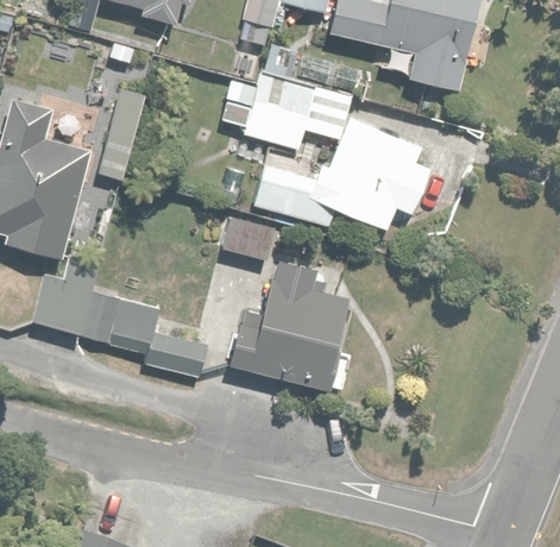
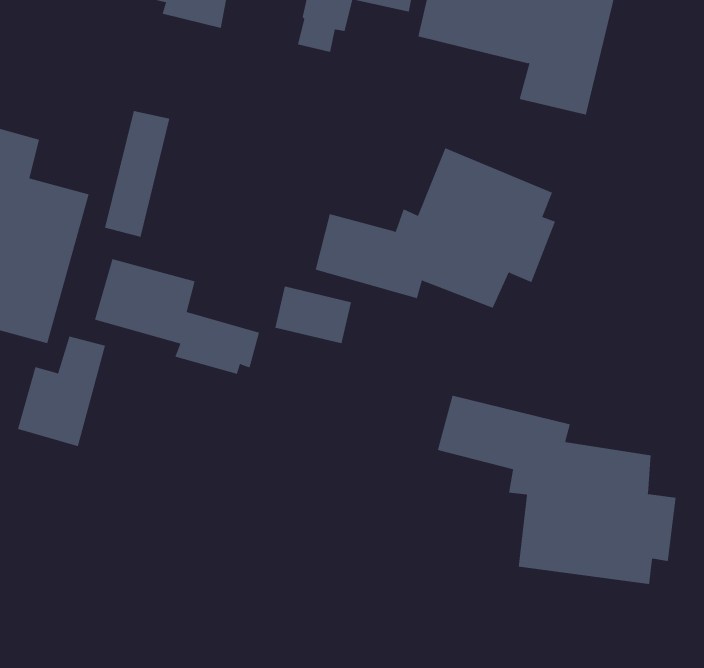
building: [221,70,316,150] -> none
building: [228,260,354,392] -> none
building: [83,291,206,377] -> [94,259,260,374]
building: none -> [437,395,676,585]

